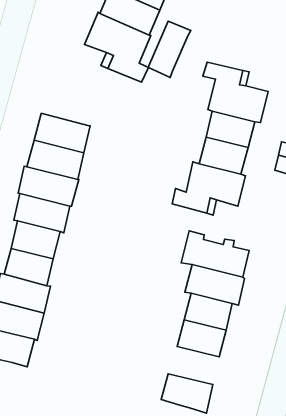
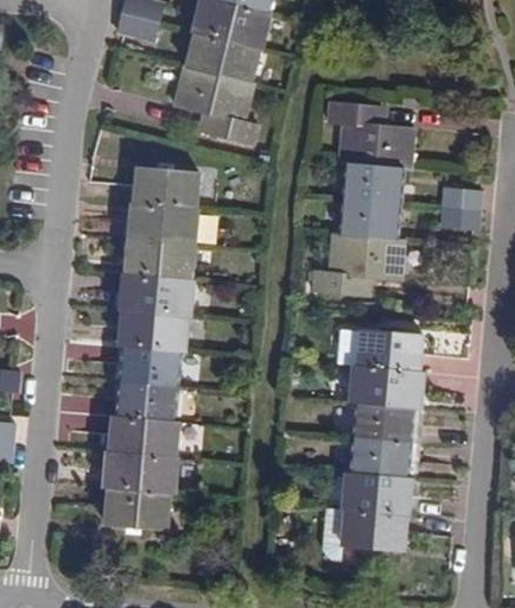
building: [149,21,191,78] -> none
building: none -> [132,166,197,208]
building: none -> [343,473,413,515]

